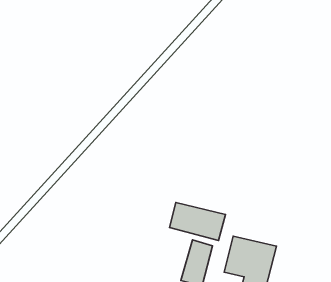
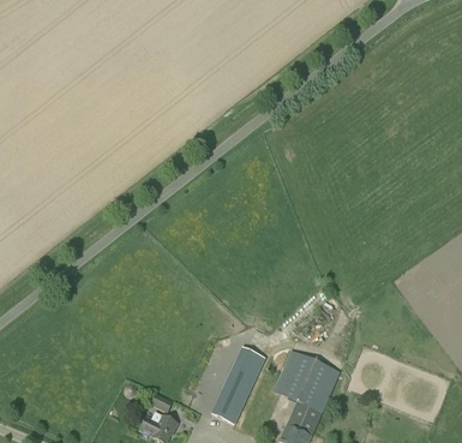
building: [170,203,226,241] -> none

